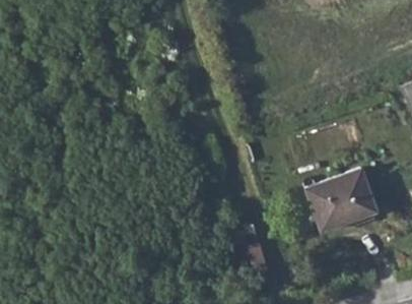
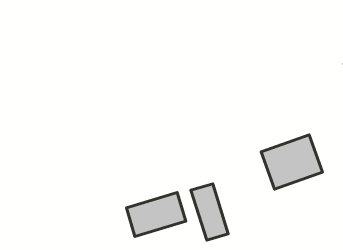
building: none -> [126,192,186,237]

